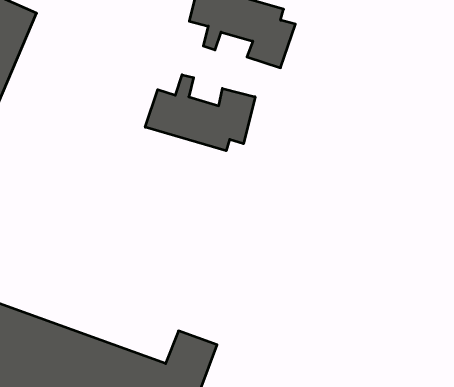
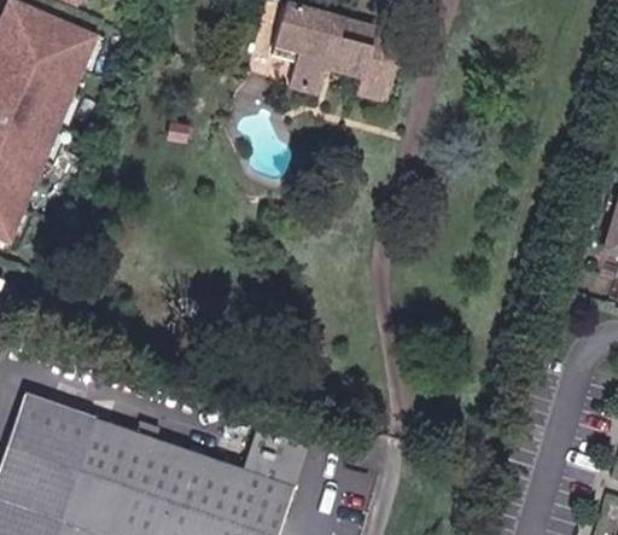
building: [145,75,255,151] -> none

